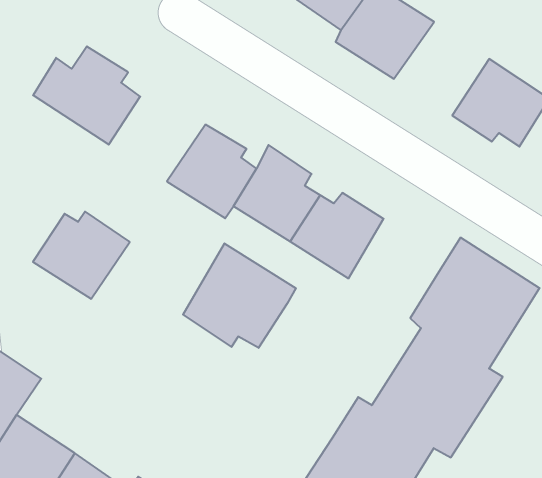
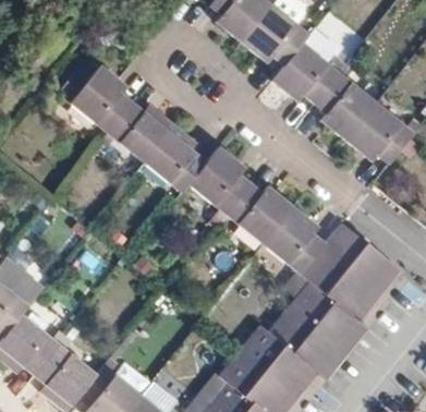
building: none -> [311,76,377,142]
building: [33,212,130,299] -> [111,106,179,166]
building: none -> [265,207,327,277]
building: [183,243,296,348] -> none

